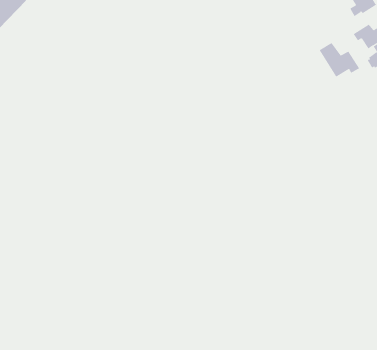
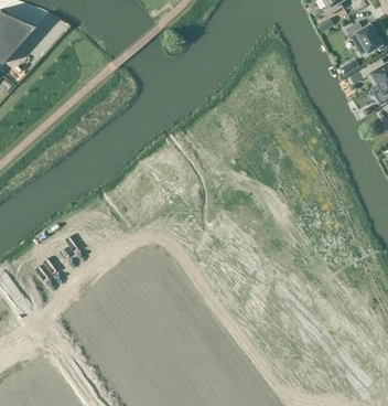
building: [319,42,360,77] -> none

